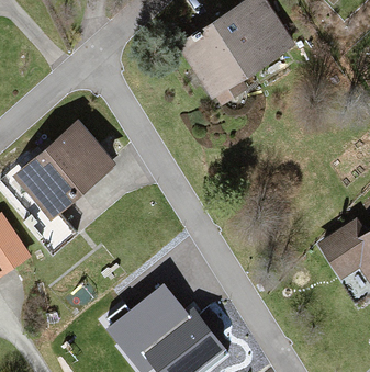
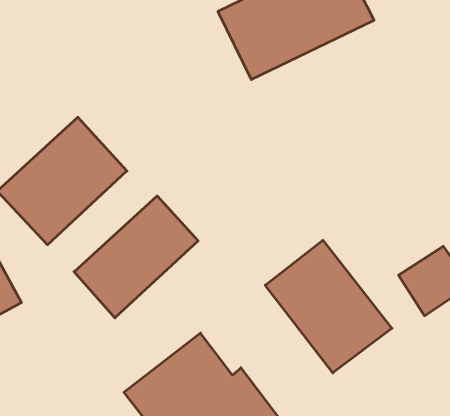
building: none -> [74,196,198,318]
building: none -> [265,240,392,373]

